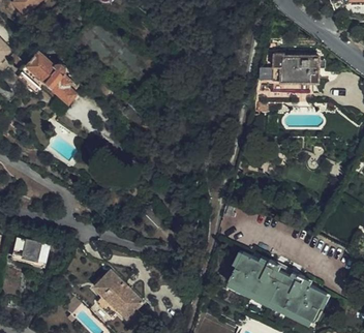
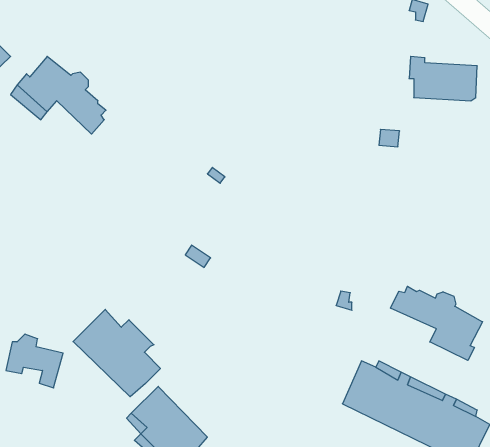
building: none -> [391,286,483,360]
building: none -> [73,309,160,397]

